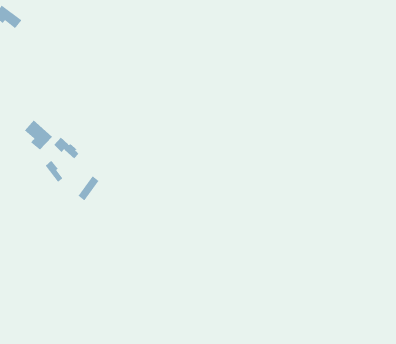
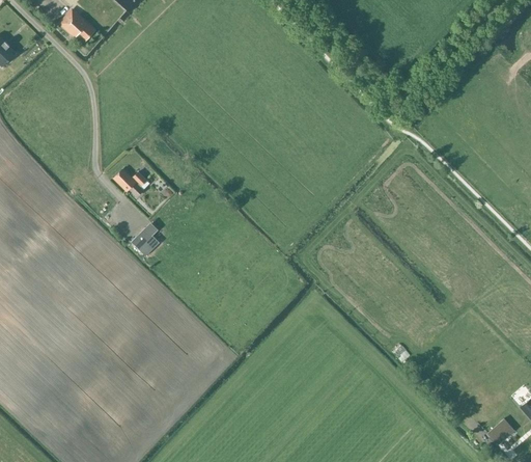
building: [24,119,53,151] -> none

